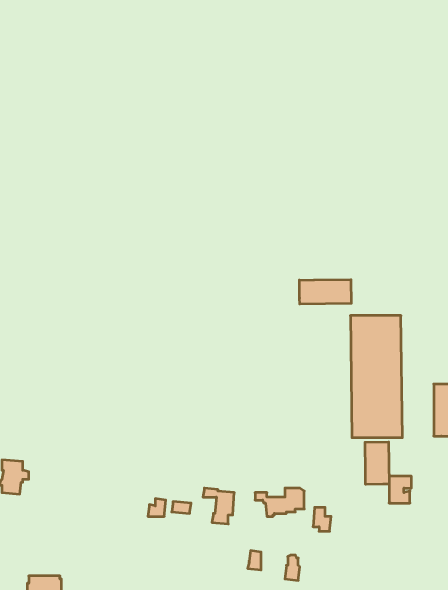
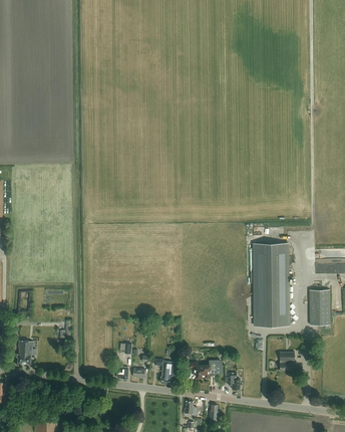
building: [299,280,351,304] -> none
building: [365,442,389,484] -> none

